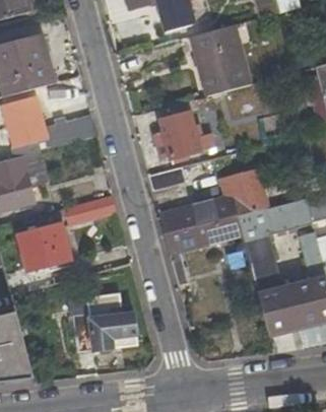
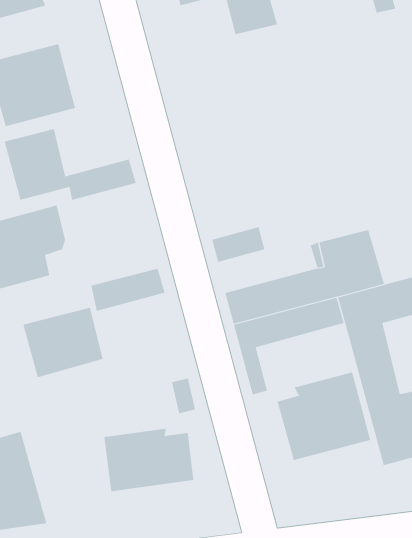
building: [190,24,254,97] -> none
building: [154,110,216,162] -> none
building: none -> [277,372,371,461]

